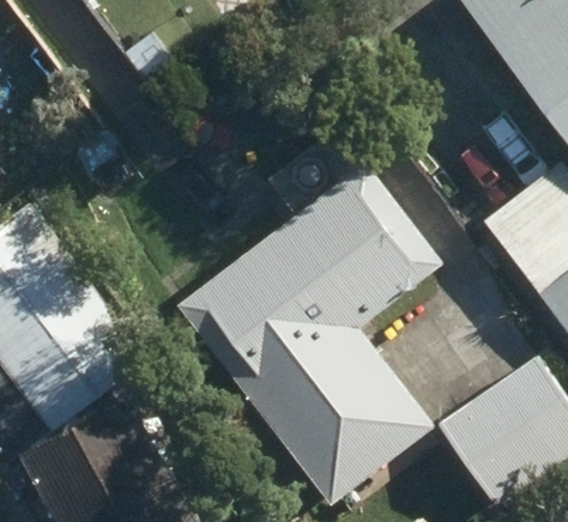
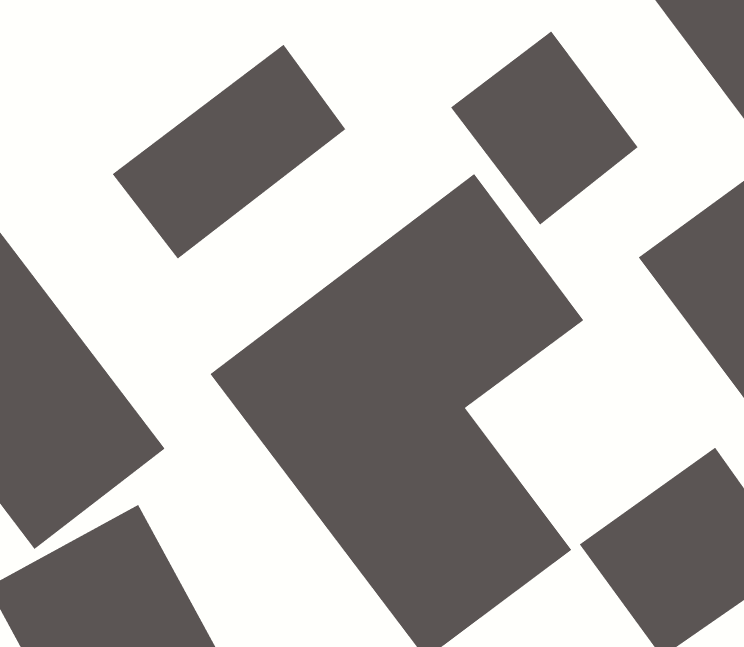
building: none -> [450,30,638,225]
building: none -> [112,44,346,260]

